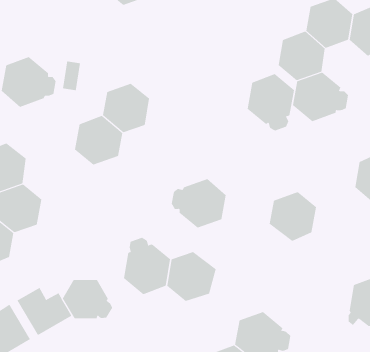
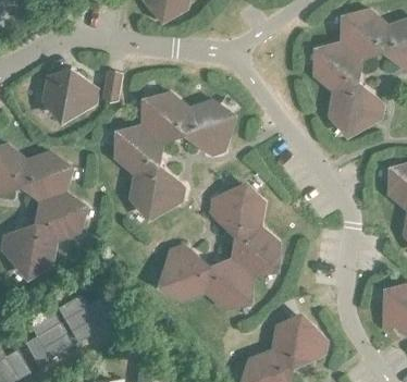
building: [247,73,295,131] -> [185,100,232,157]
building: none -> [129,165,185,214]
building: [269,192,317,241] -> [232,227,279,276]
building: [62,279,113,319] -> none

